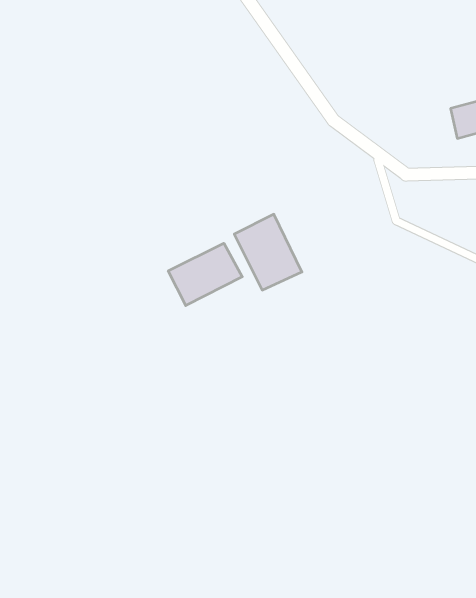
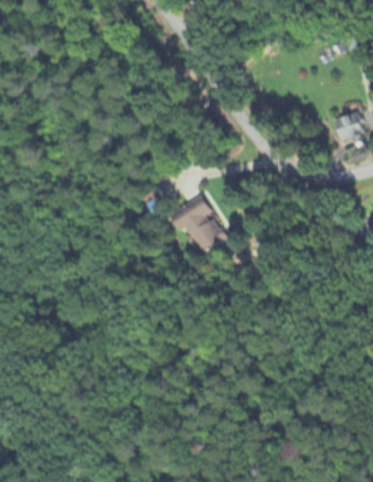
building: [168,243,242,306] -> none

